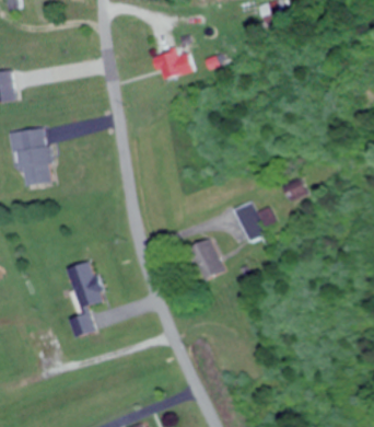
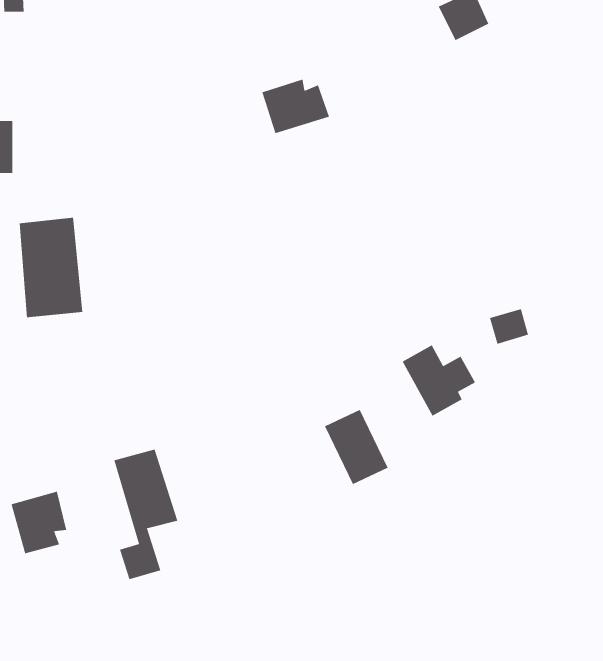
building: none -> [11,491,67,554]

